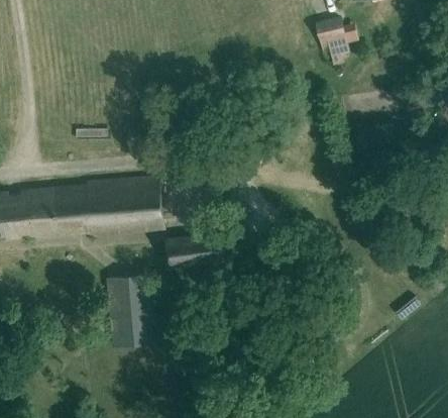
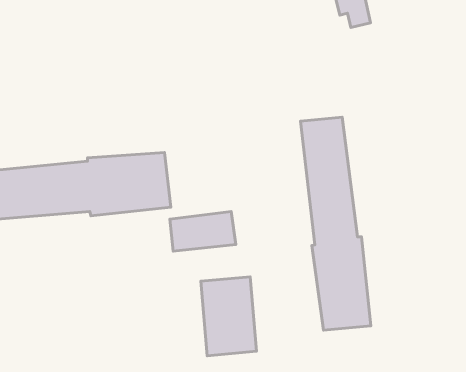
building: none -> [301,117,371,330]
building: [105,274,156,346] -> [201,277,257,356]

